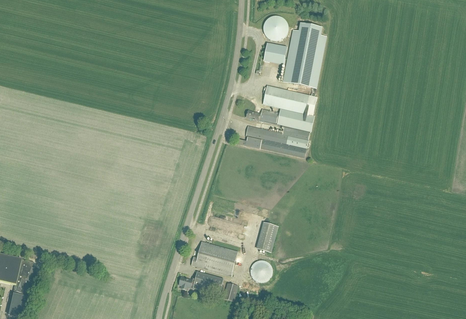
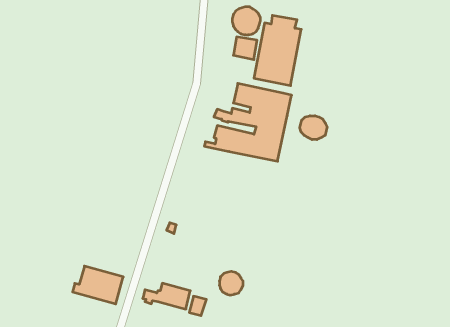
building: none -> [300,116,327,140]
building: [254,223,276,253] -> none
building: [191,240,238,275] -> [73,266,123,304]

